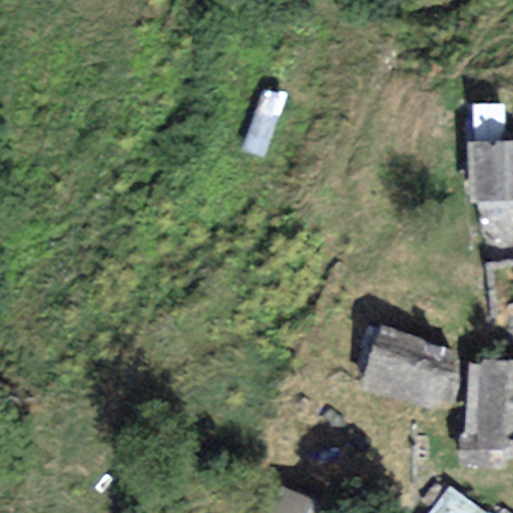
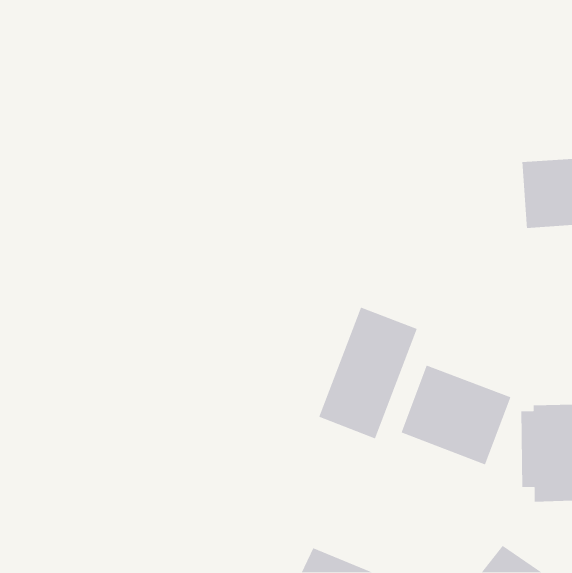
building: none -> [318,306,418,439]

